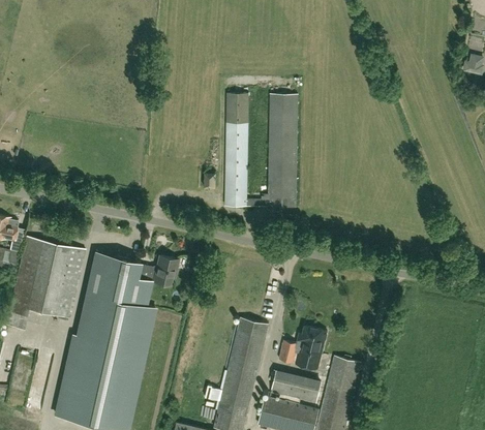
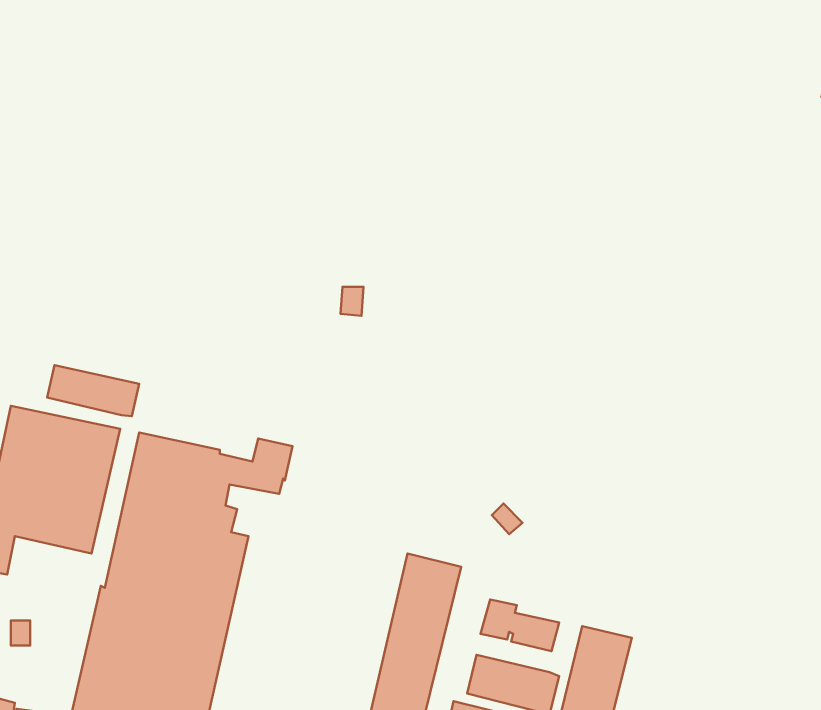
building: [225,93,298,207] -> none
building: none -> [47,365,139,416]
building: [298,327,327,355] -> none

